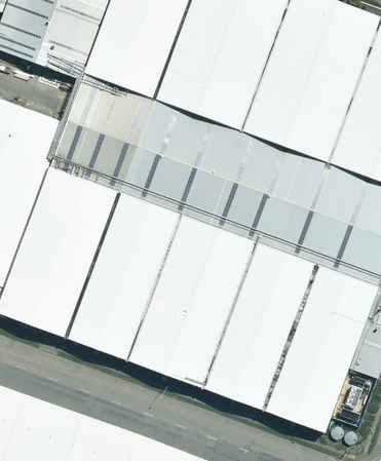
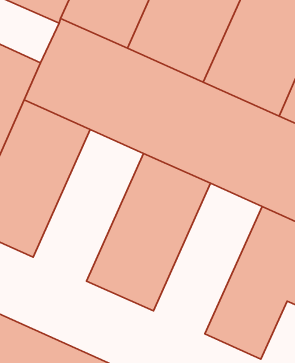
building: [74,195,188,362] -> none
building: [211,245,322,412] -> none

